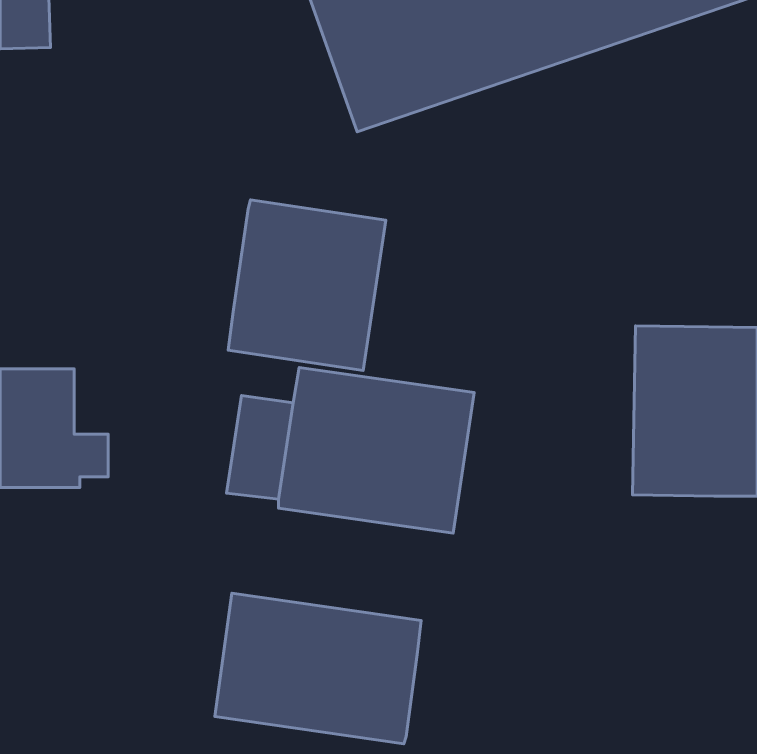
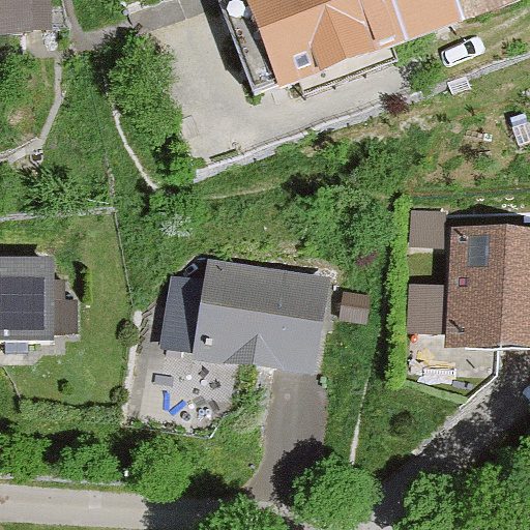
building: [228,200,386,371] -> none
building: [215,593,421,744] -> none

